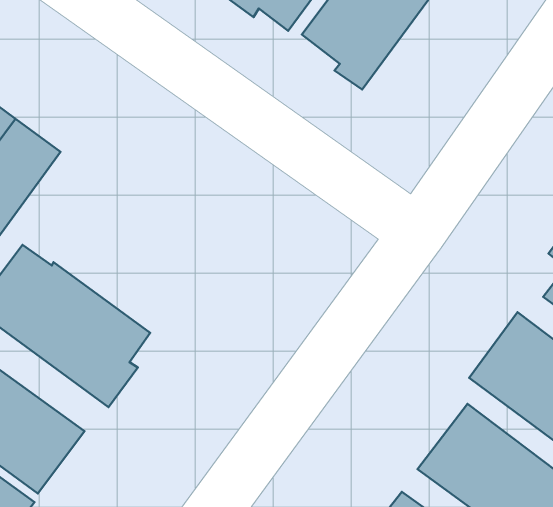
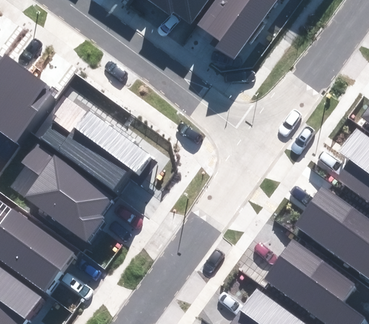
building: none -> [36,94,149,190]

